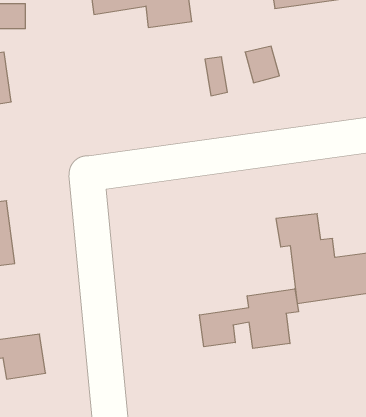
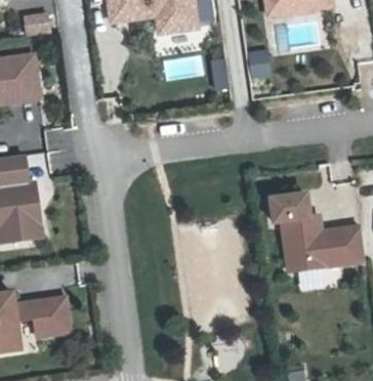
building: [200,289,298,348] -> none

